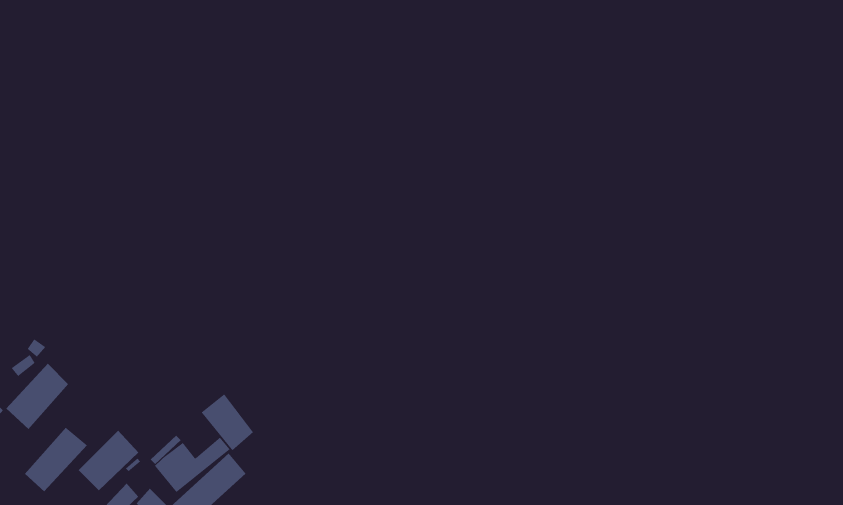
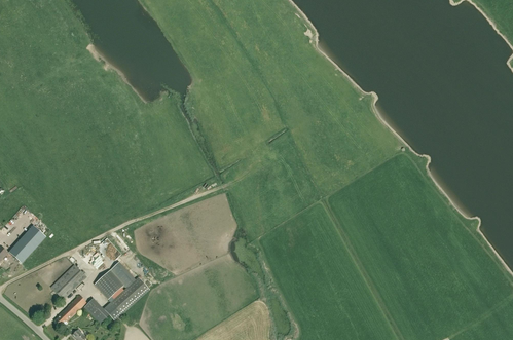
building: [201,394,254,451] -> none
building: [24,427,88,492] -> none

